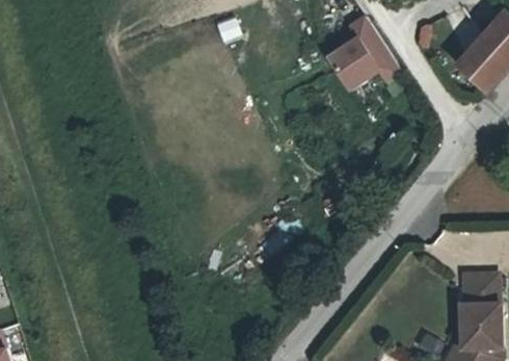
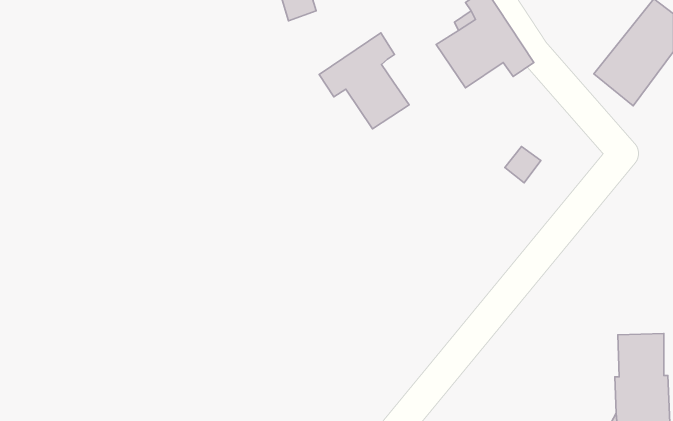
building: none -> [319,33,409,129]

